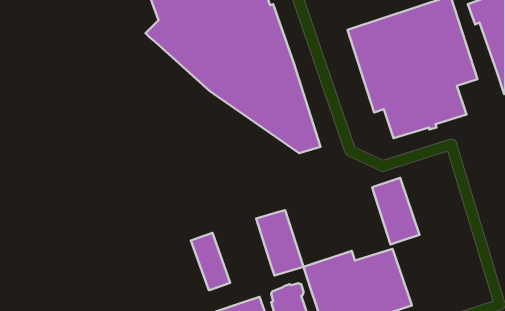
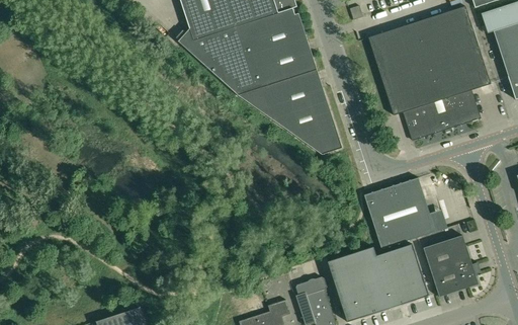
building: [256,210,303,276] -> [364,186,409,248]
building: [191,233,230,290] -> none
building: none -> [424,235,479,297]

